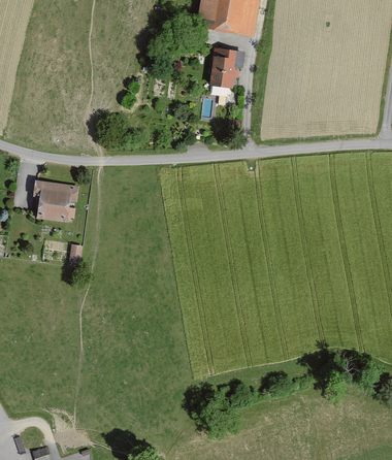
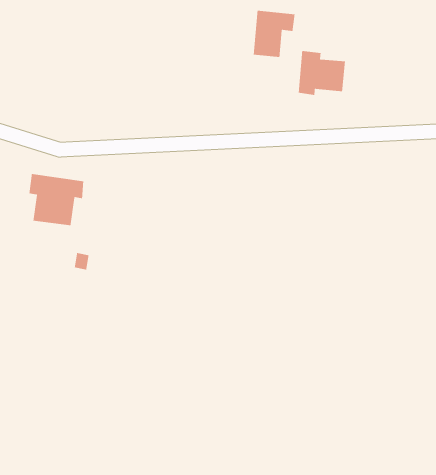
building: none -> [298,50,346,96]

